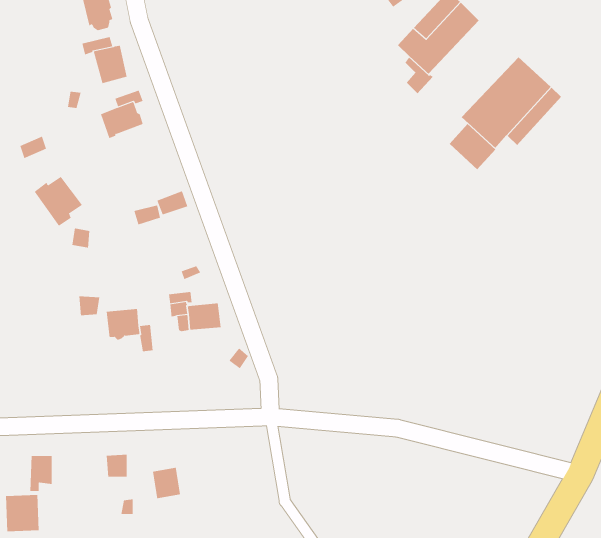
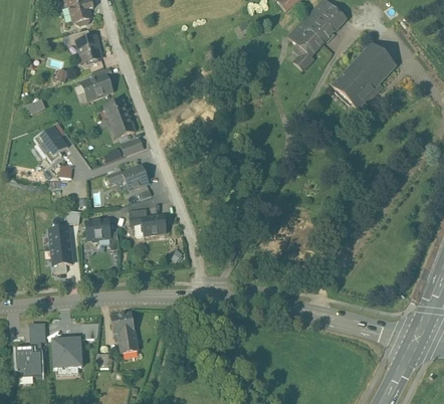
building: [449,123,496,170] -> none
building: none -> [104,99,134,137]
building: none -> [106,165,149,190]
building: none -> [49,227,74,265]
building: none -> [110,313,135,334]
building: none -> [52,338,80,367]

